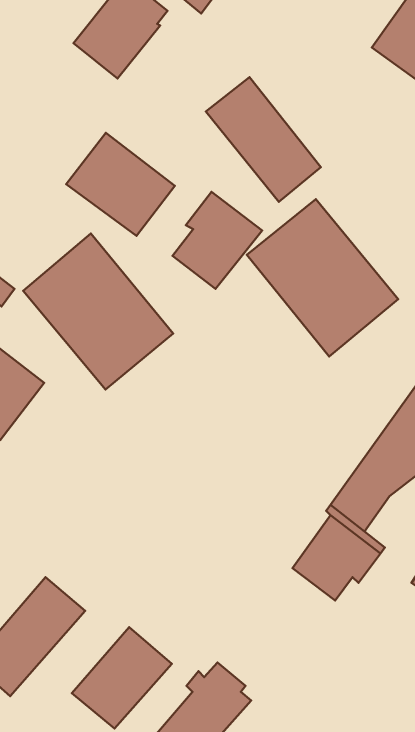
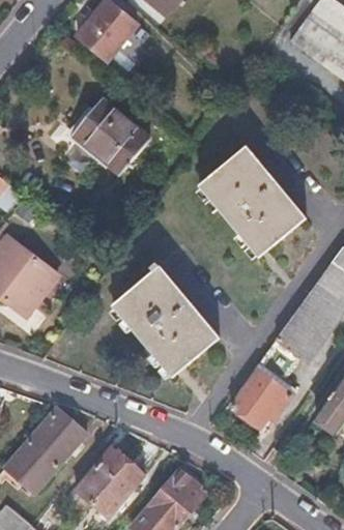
building: [206,77,321,202] -> none
building: [173,192,262,289] -> none
building: [23,233,173,389] -> [114,267,220,377]

